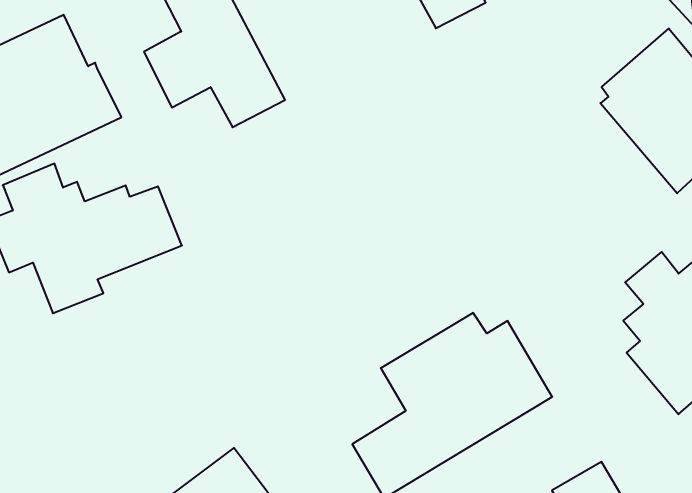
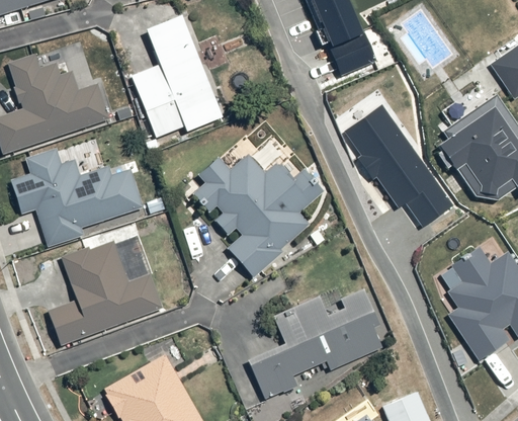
building: none -> [340,108,447,229]
building: none -> [192,152,321,275]
building: none -> [49,238,163,345]

